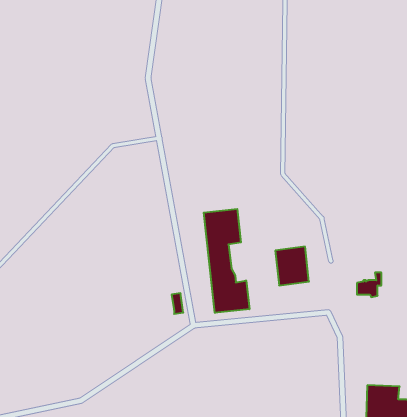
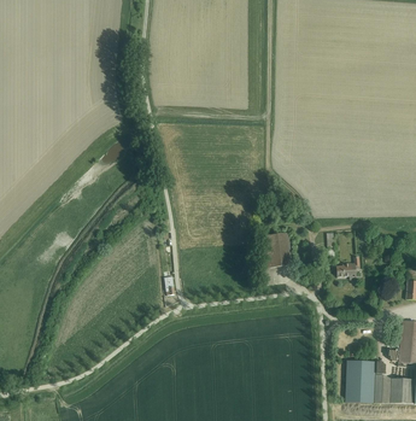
building: [204,209,249,313] -> none

